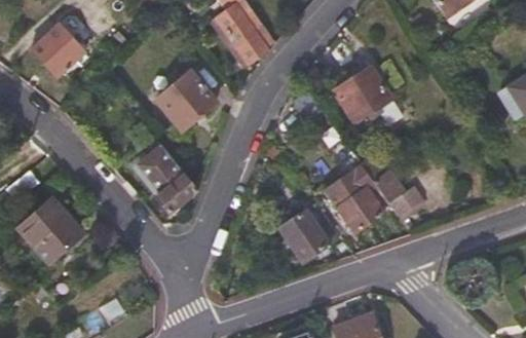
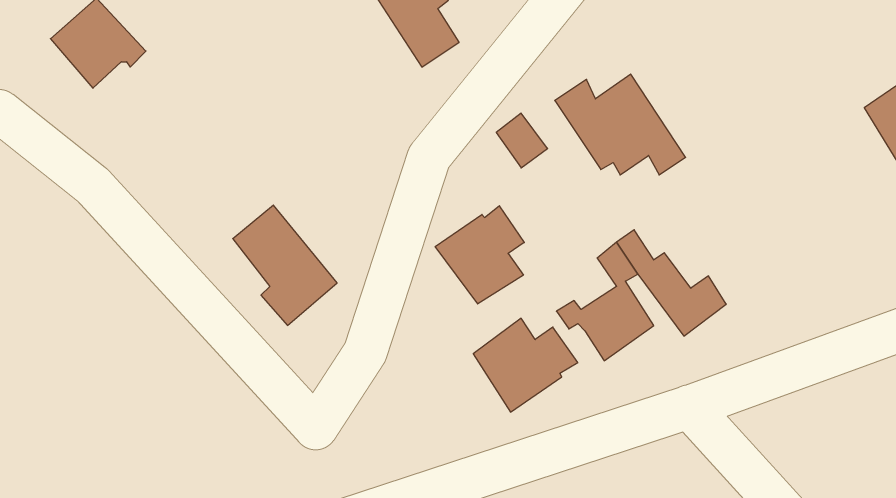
building: [156,71,216,130] -> none
building: none -> [435,206,524,304]
building: [17,198,83,264] -> none

